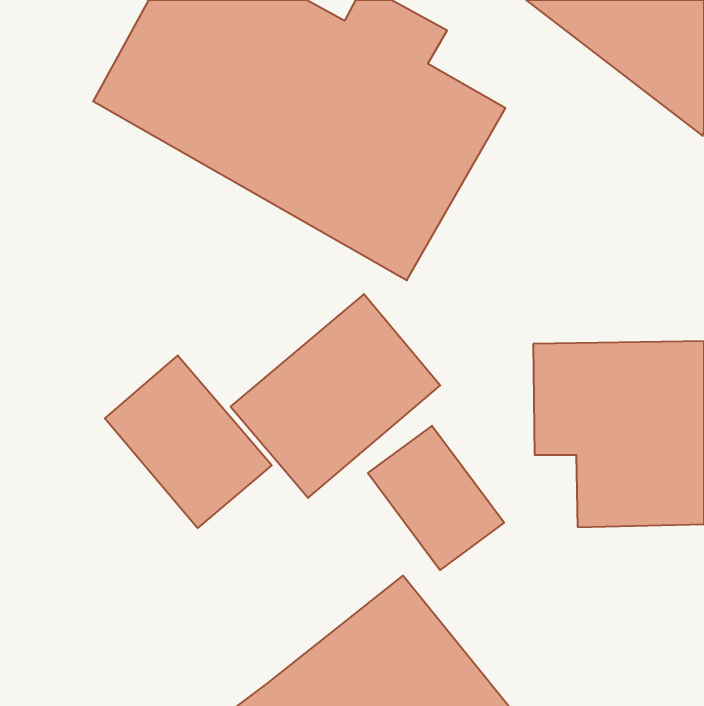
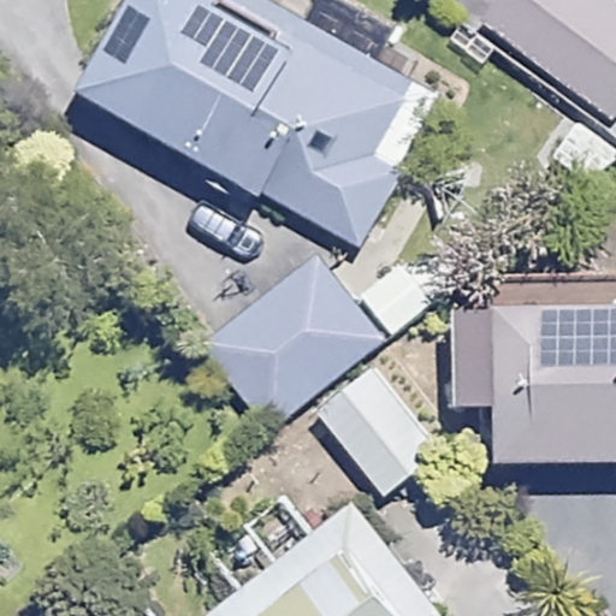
building: [105,355,272,528] -> none

